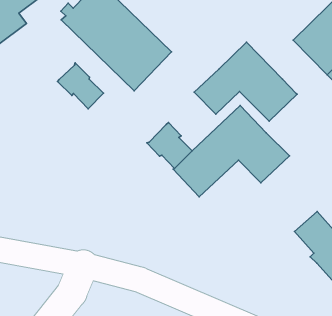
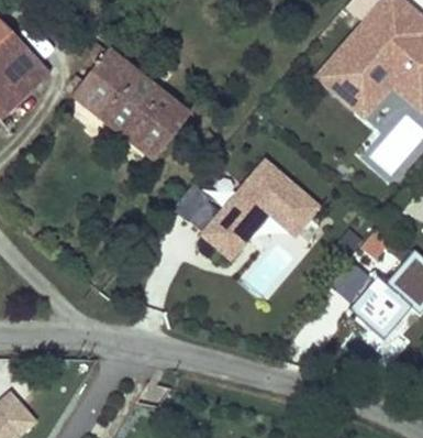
building: [194,42,297,121] -> none
building: [57,63,104,109] -> none

